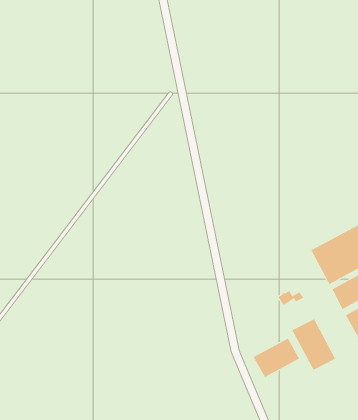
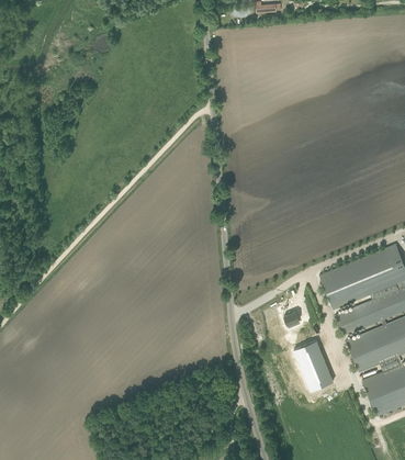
building: [253,338,300,378] -> none

